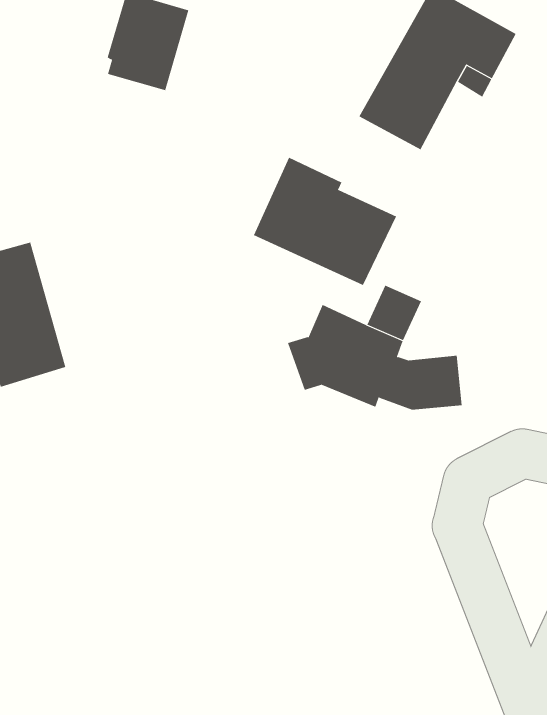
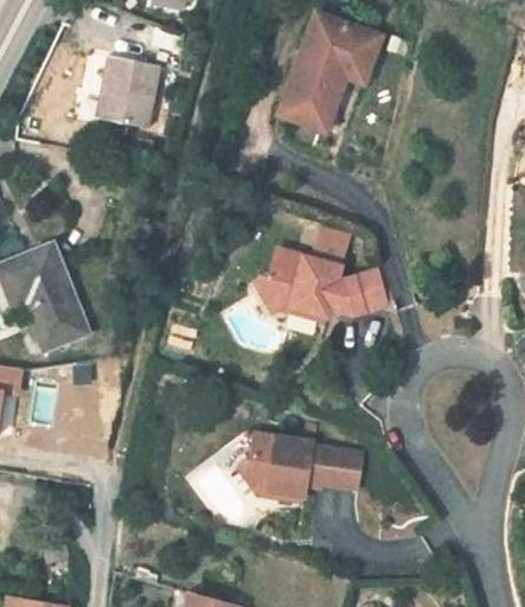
building: [253,157,397,286] -> none
building: none -> [237,433,359,499]

